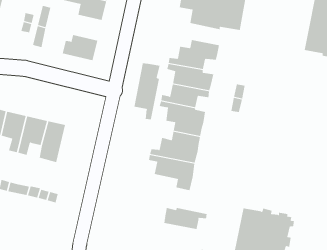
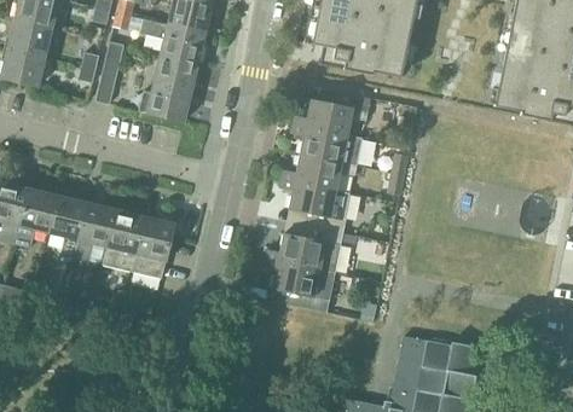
building: none -> [155,53,198,91]
building: [134,63,160,120] -> none
building: none -> [132,215,175,278]
building: [164,207,207,230] -> none

